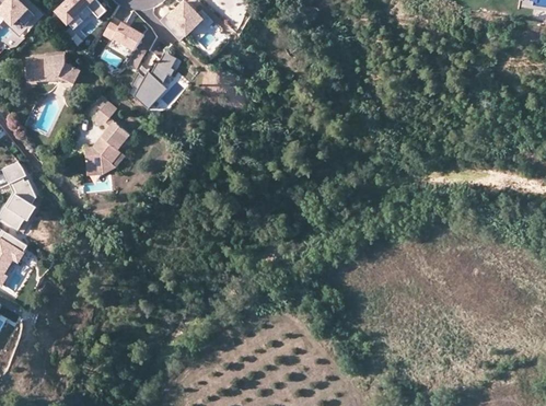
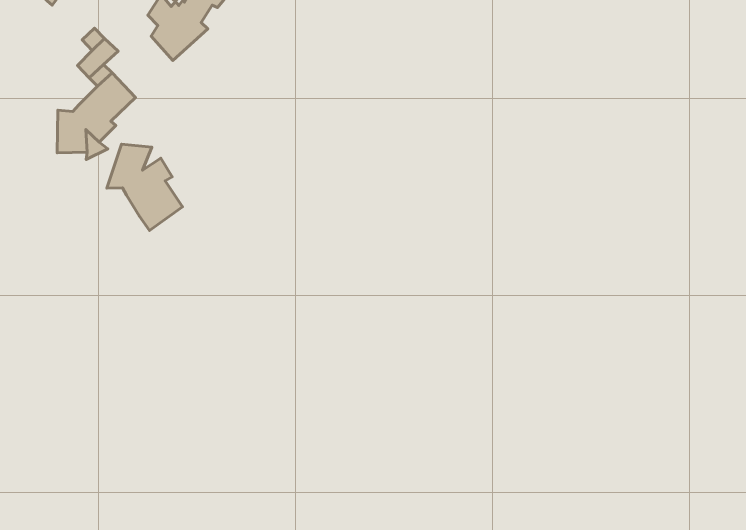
building: none -> [107,144,182,231]

